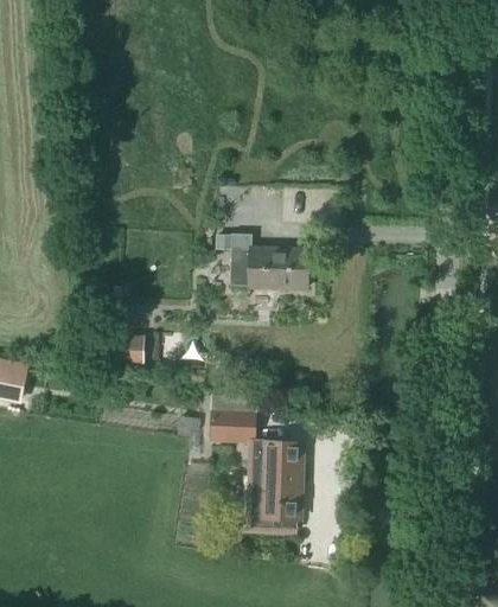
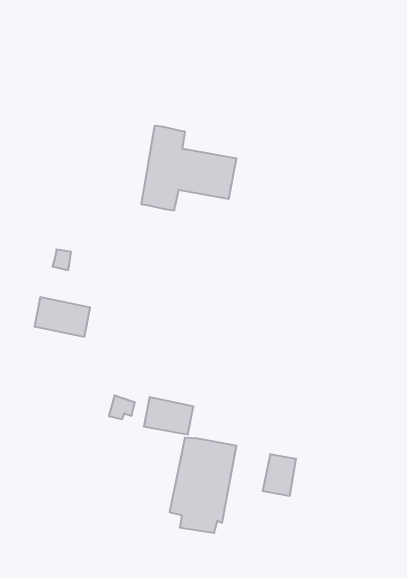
building: [225,229,308,306] -> [141,126,236,210]
building: none -> [263,454,296,496]

